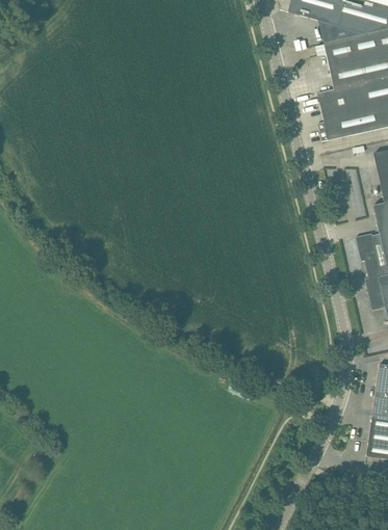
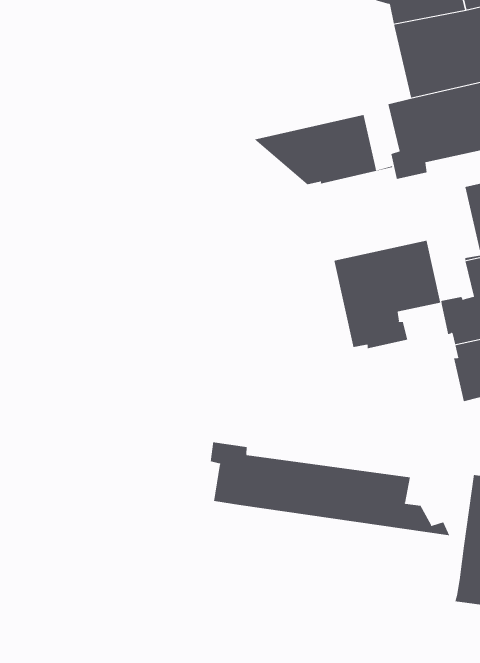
building: none -> [254,114,393,185]
building: none -> [334,240,441,349]
building: none -> [210,442,450,536]

